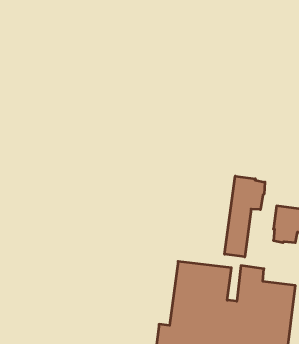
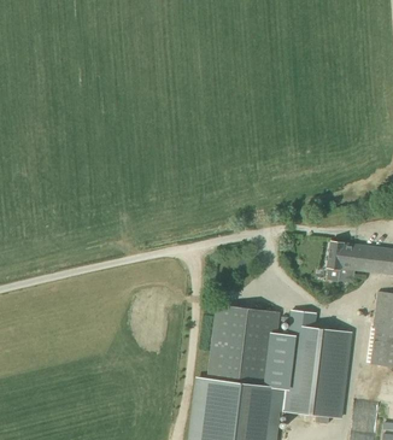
building: [225,176,265,257] -> none

